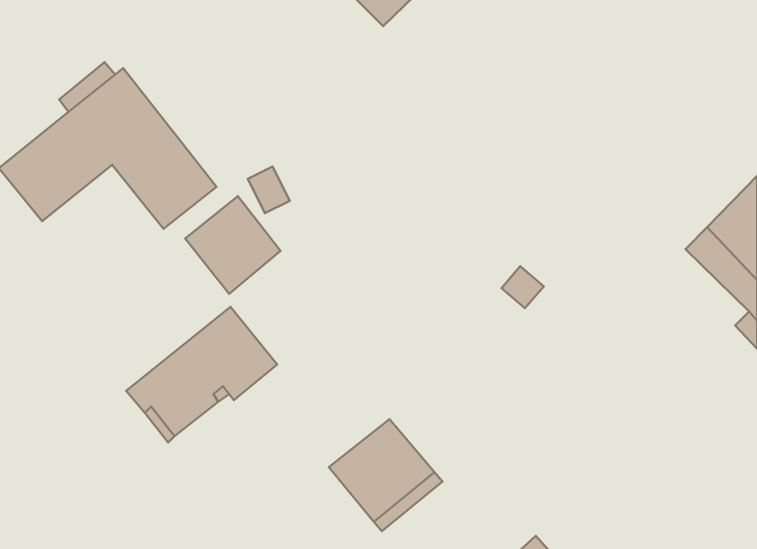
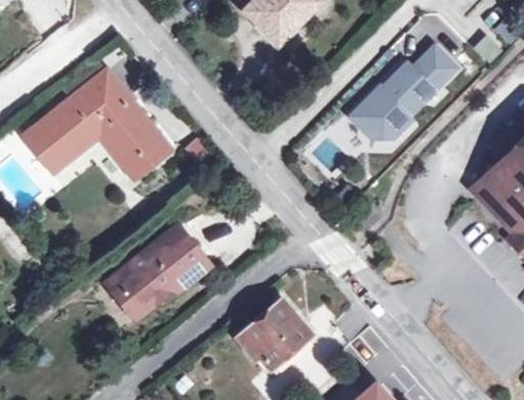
building: none -> [350,45,459,138]
building: [185,196,280,294] -> none

